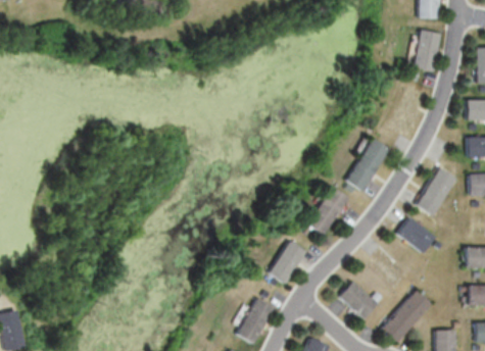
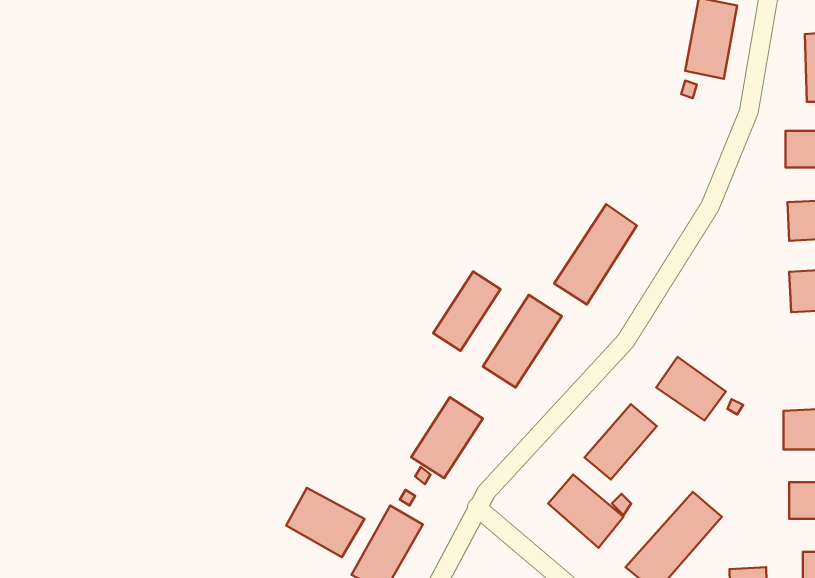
building: [415,165,457,214] -> none
building: none -> [433,272,500,351]
building: none -> [585,404,657,479]
building: none -> [286,488,364,557]

